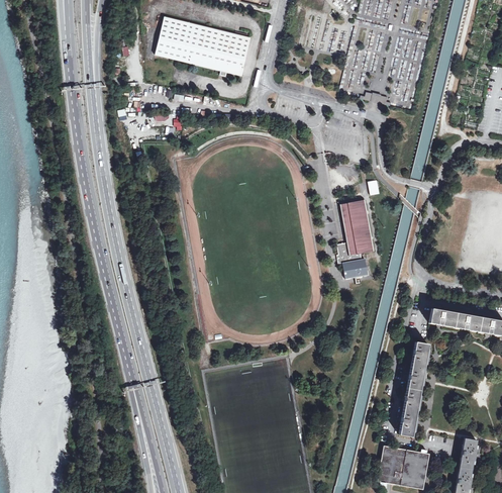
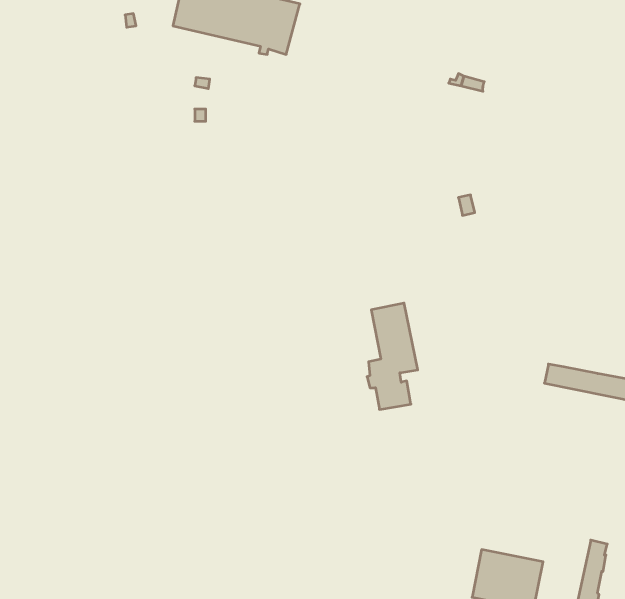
building: [337,202,375,281] -> [367,303,418,409]
building: [399,339,430,434] -> none

